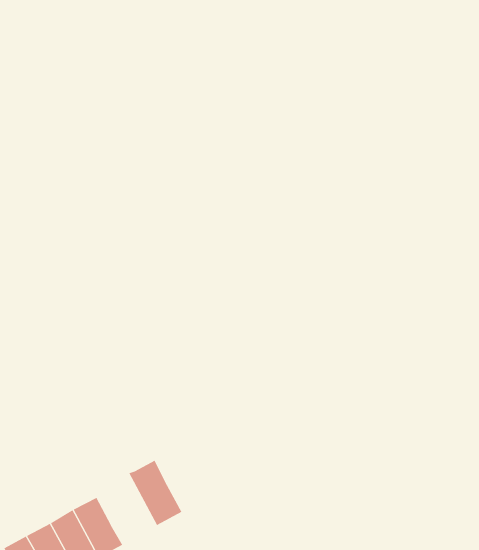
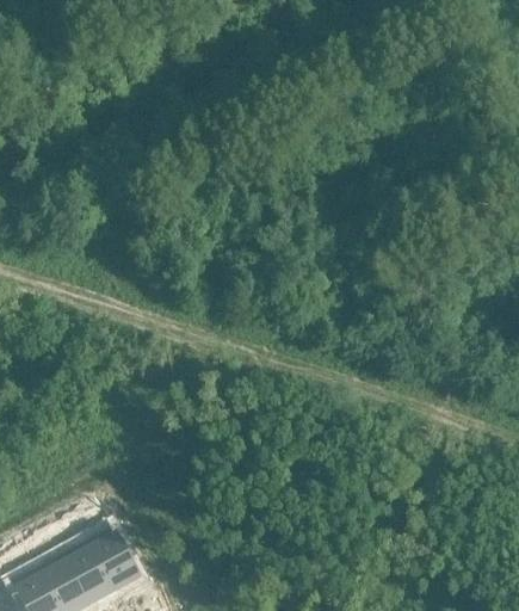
building: [129,460,182,526] -> none

